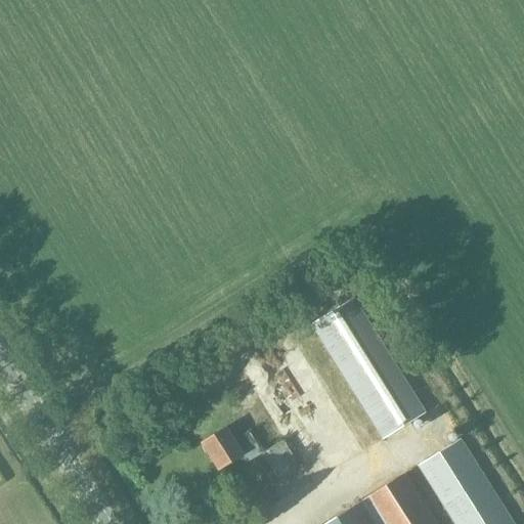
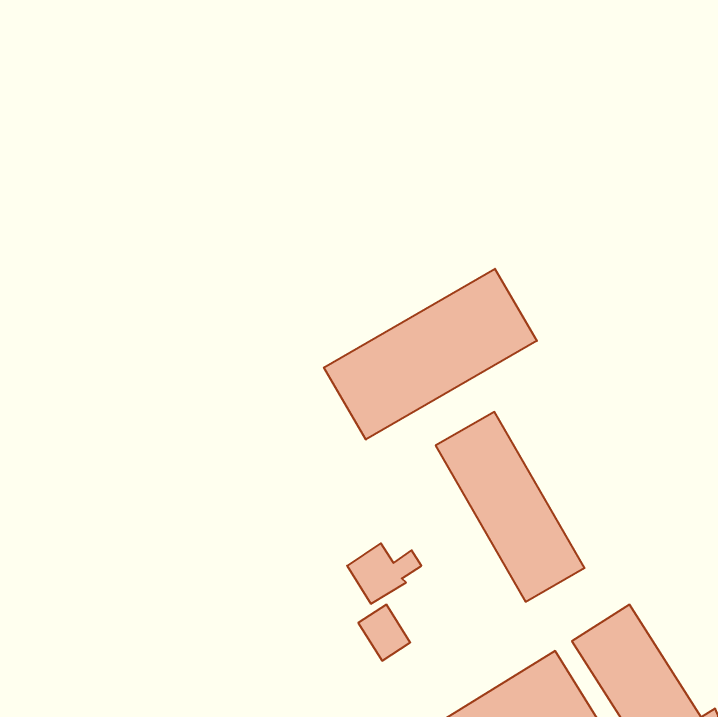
building: none -> [324,269,537,440]
building: [200,428,254,472] -> [347,543,421,604]

